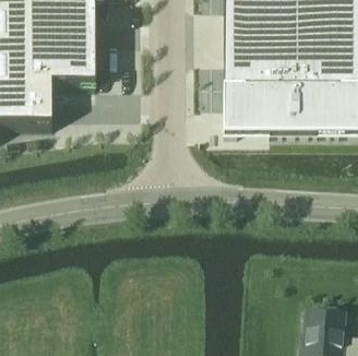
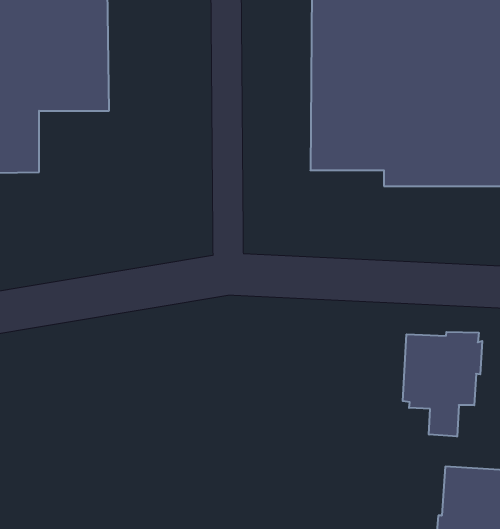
building: none -> [403,332,482,437]

